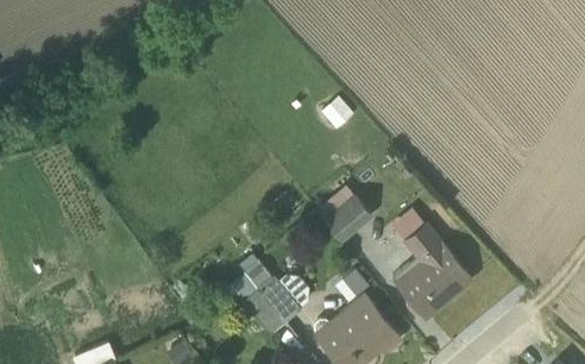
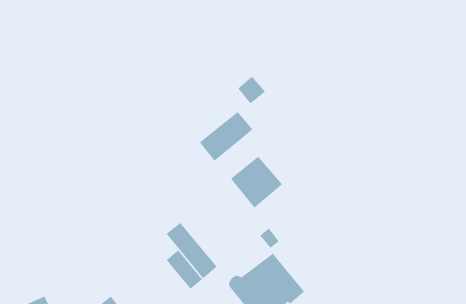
building: none -> [199,111,253,161]
building: [392,224,471,318] -> none

